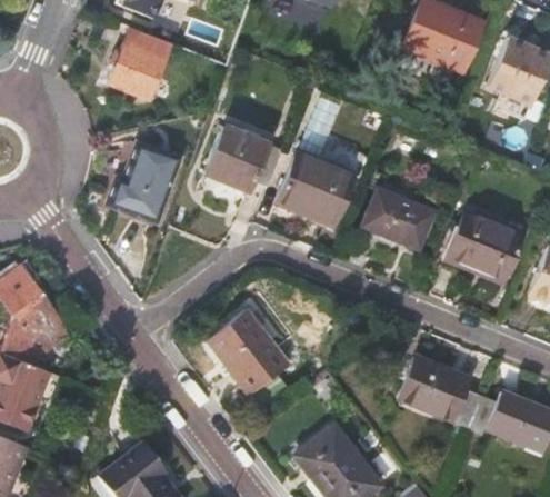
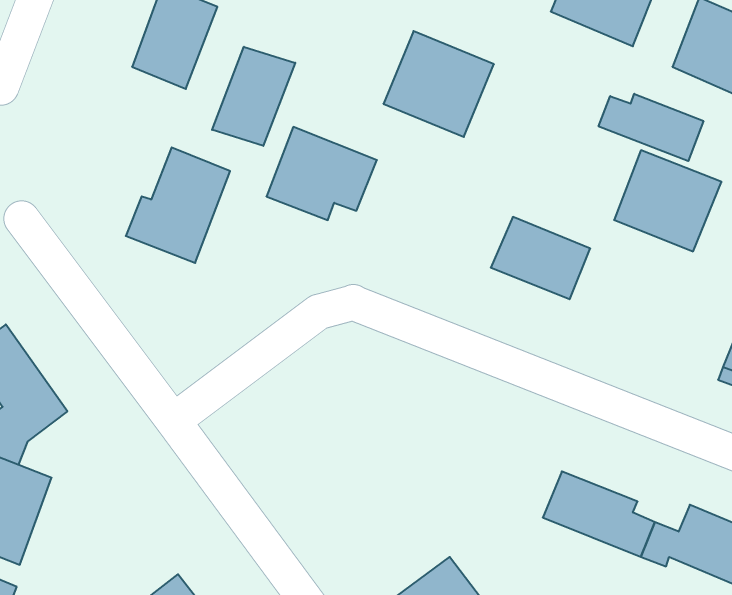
building: none -> [212,47,295,146]
building: none -> [599,94,703,161]
building: [279,148,357,222] -> [383,31,494,137]
building: [447,213,522,285] -> [614,150,722,251]
building: [211,312,291,397] -> none

